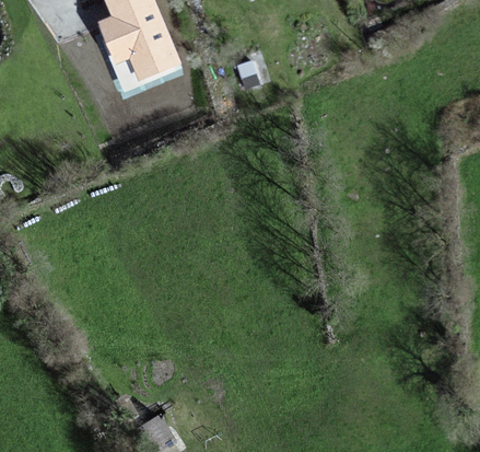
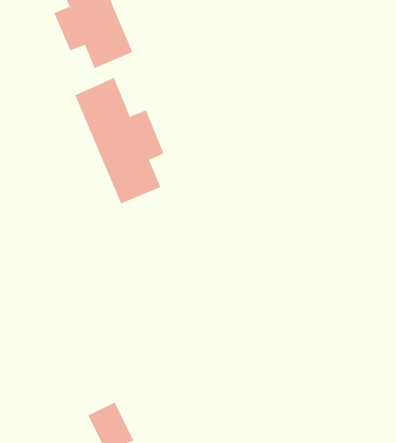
building: none -> [75,77,164,204]

